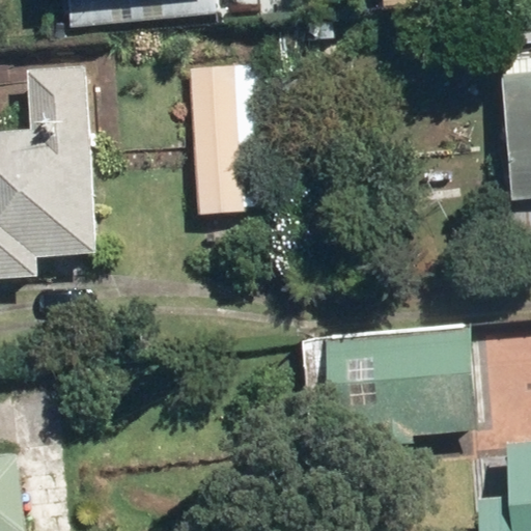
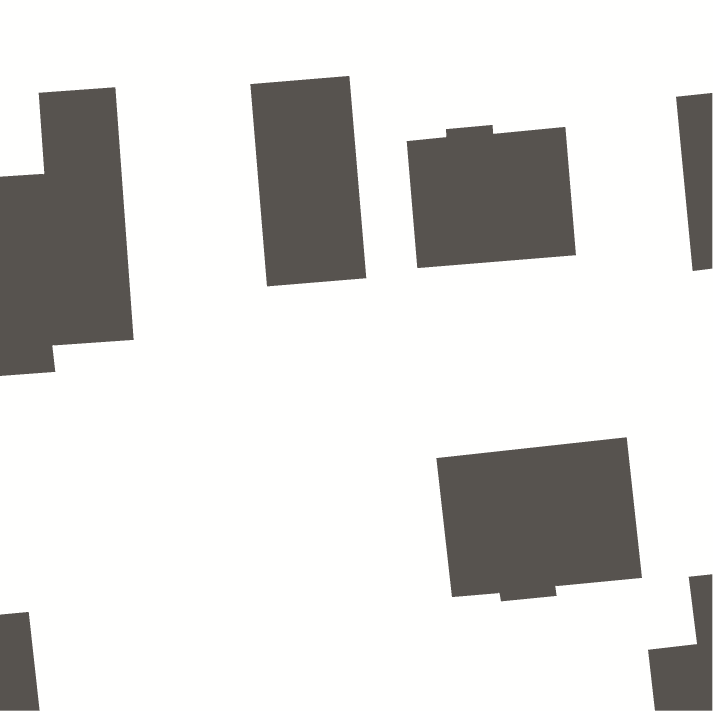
building: none -> [406,124,576,269]

